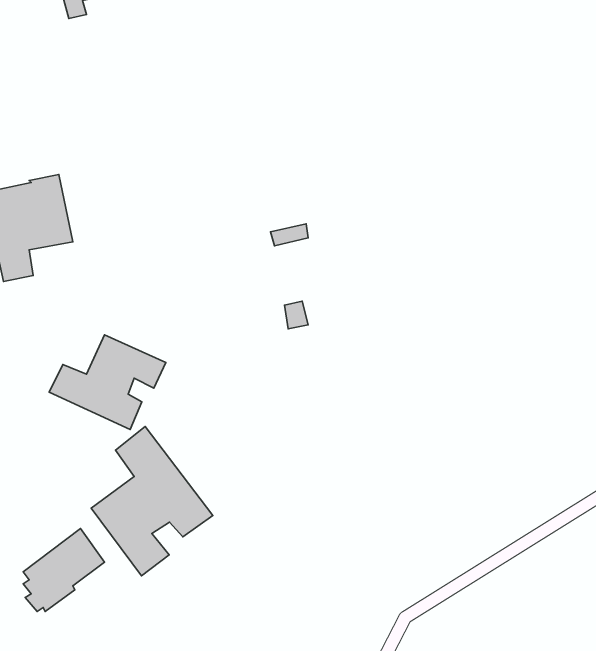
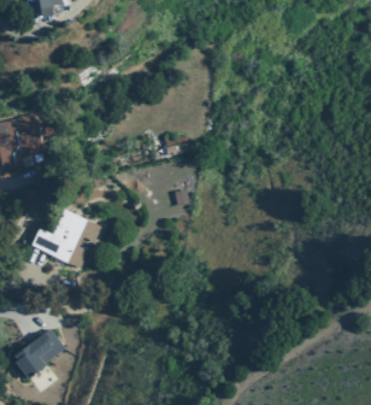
building: [91,426,213,576] -> none

